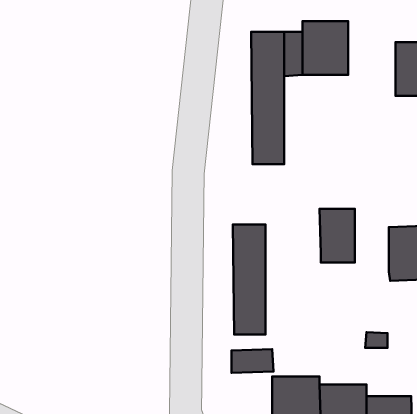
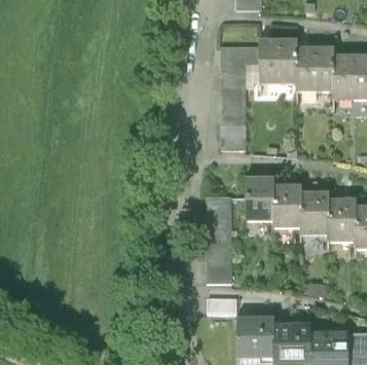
building: none -> [295,45,332,88]
building: none -> [246,178,273,220]
building: none -> [300,191,327,234]

